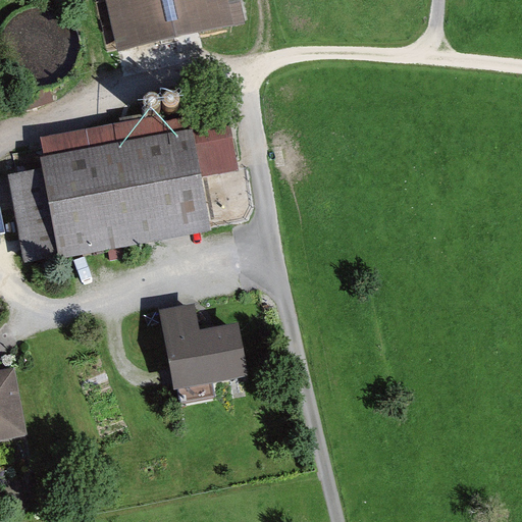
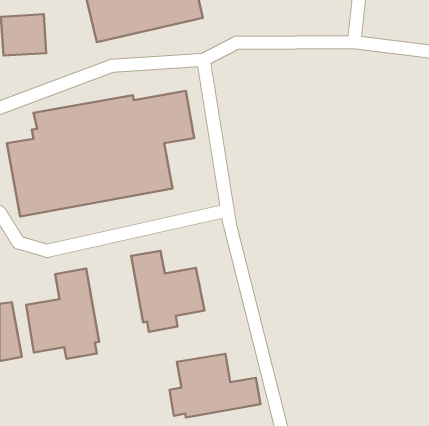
building: none -> [26,268,99,359]
building: none -> [169,354,261,417]

